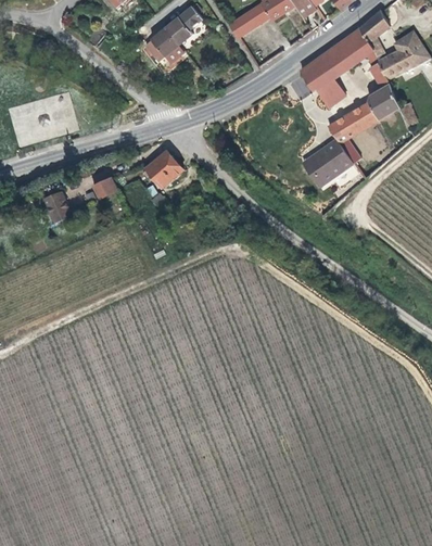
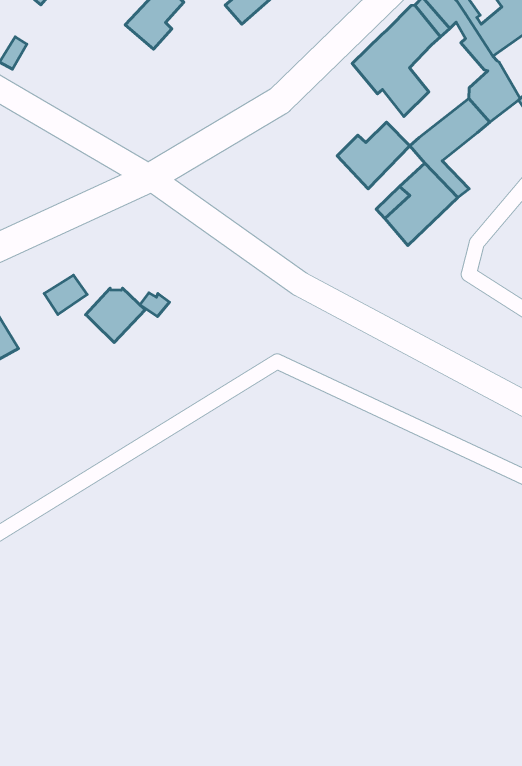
building: [145,27,180,61] -> none
building: none -> [337,122,410,189]
building: [145,153,182,187] -> [86,288,145,343]

